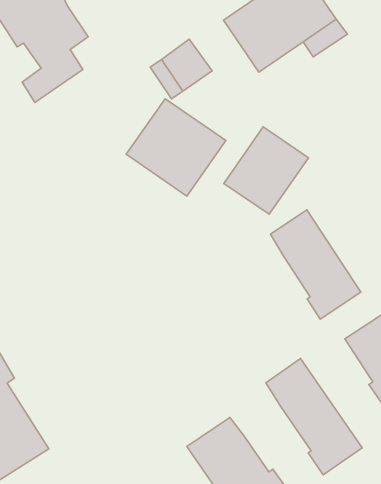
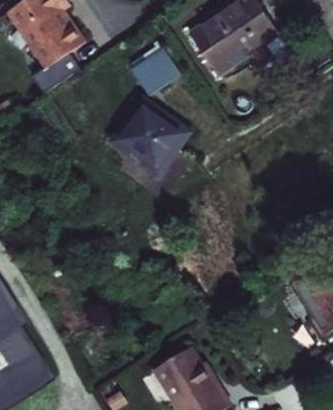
building: [224,127,309,214] -> none
building: [271,210,361,319] -> none
building: [266,358,362,475] -> none

